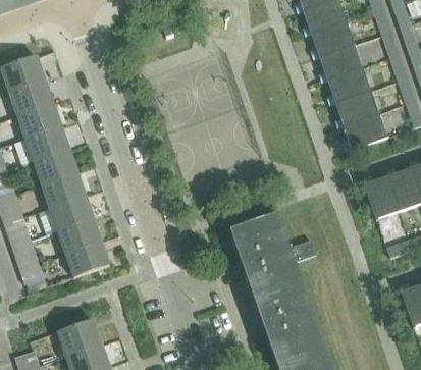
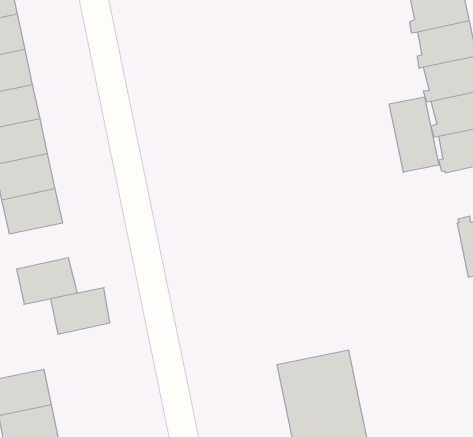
building: none -> [389,97,439,172]
building: [229,214,301,296] -> none
building: [58,217,101,253] -> [50,288,110,334]

